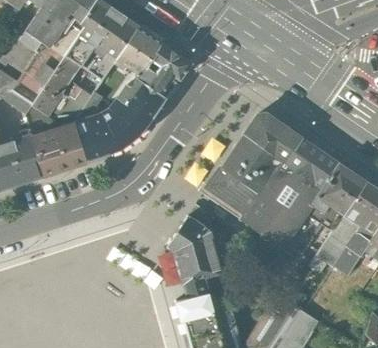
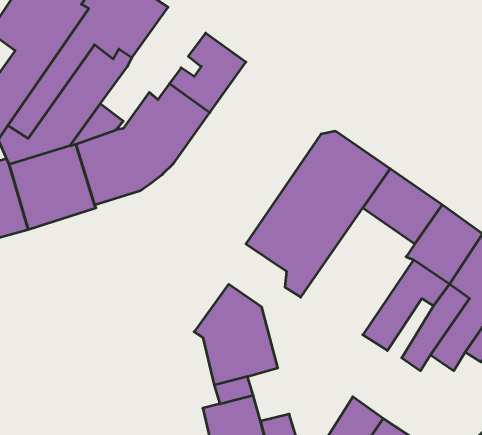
building: [117,22,171,75] -> none
building: [239,161,316,249] -> none

